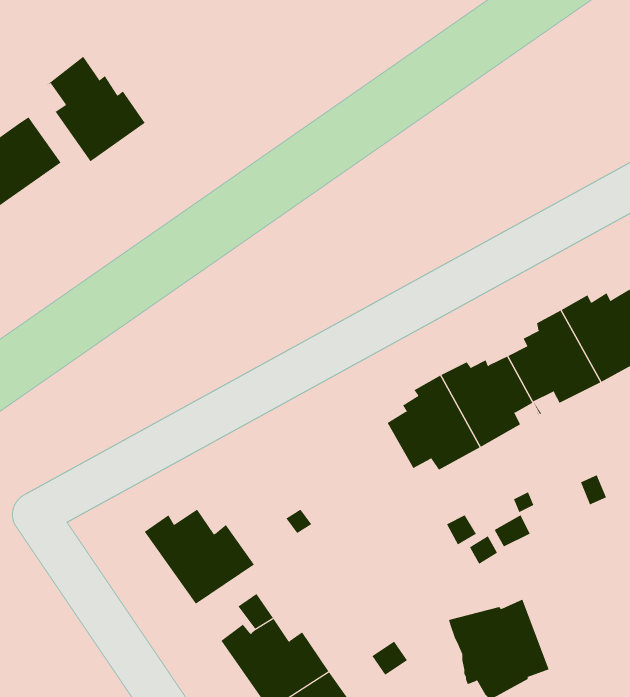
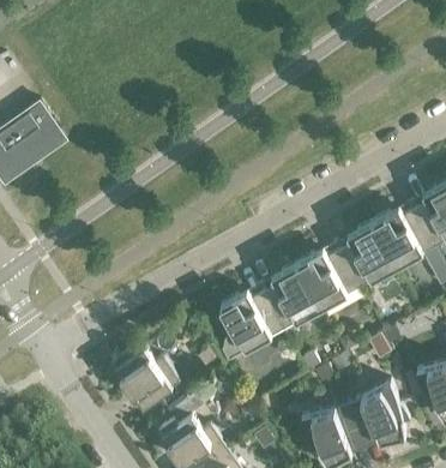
building: [40,56,146,162] -> none
building: none -> [219,294,283,361]
building: none -> [348,382,409,449]

